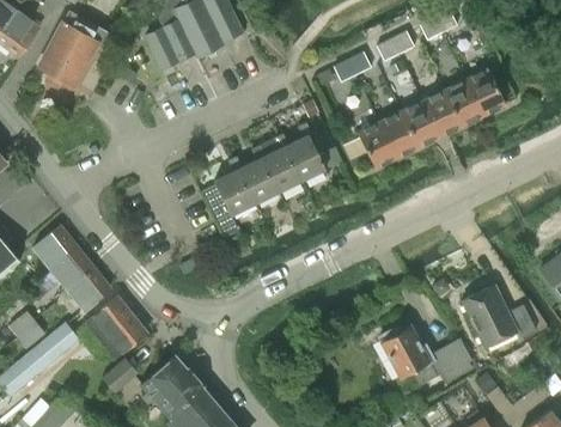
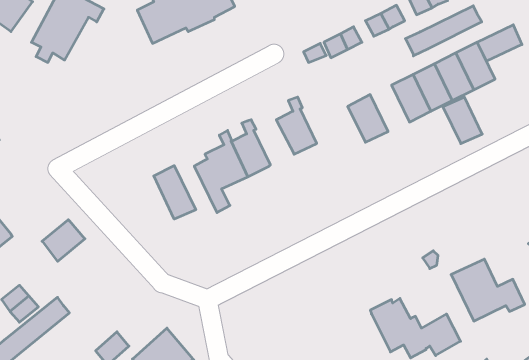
building: none -> [405,6,482,56]
building: none -> [477,25,522,61]
building: [380,110,420,157] -> [443,97,482,144]
building: [263,133,304,190] -> none
building: none -> [154,166,196,219]
building: [33,225,77,267] -> none
building: [66,264,111,310] -> none
building: [85,295,148,359] -> none

